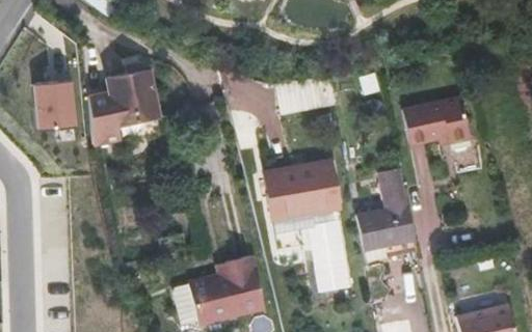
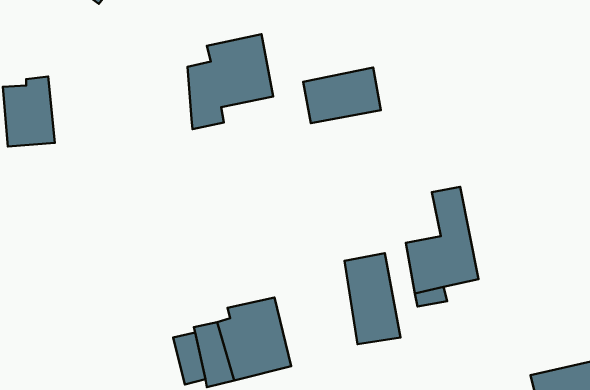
building: [89,67,158,143] -> [187,34,273,129]
building: [401,98,470,144] -> none
building: [264,161,338,219] -> none

